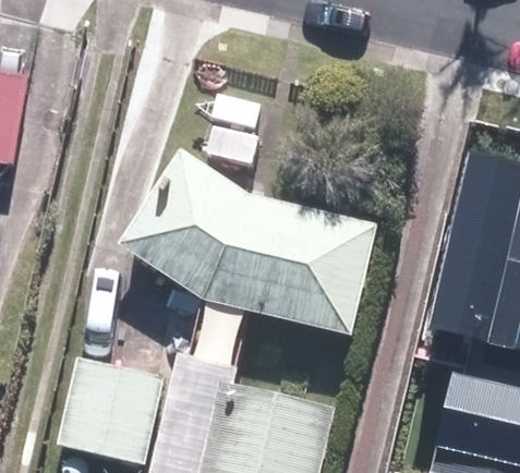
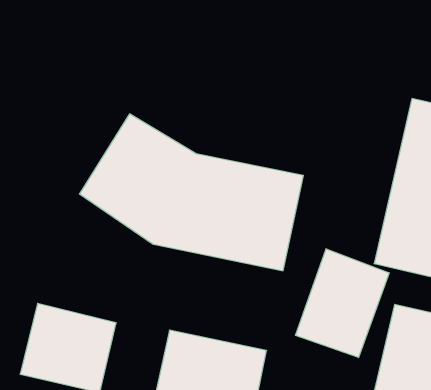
building: none -> [295,249,389,358]

